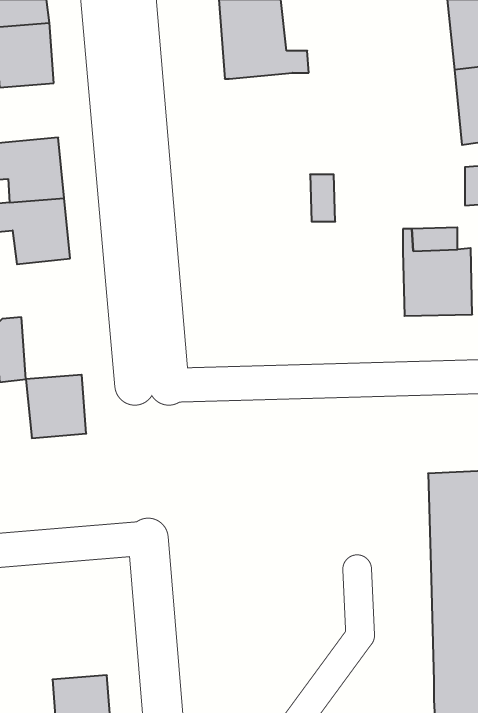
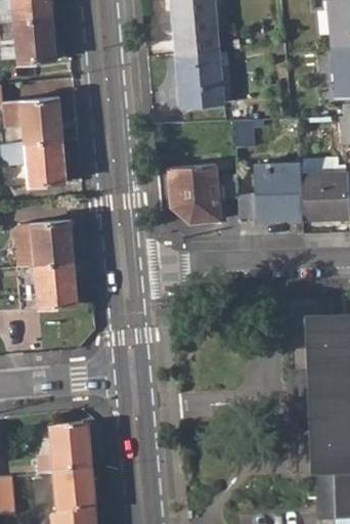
building: none -> [176,52,224,106]
building: none -> [165,166,215,224]
building: none -> [251,171,298,222]
building: none -> [32,219,74,265]
building: none -> [37,427,91,475]

